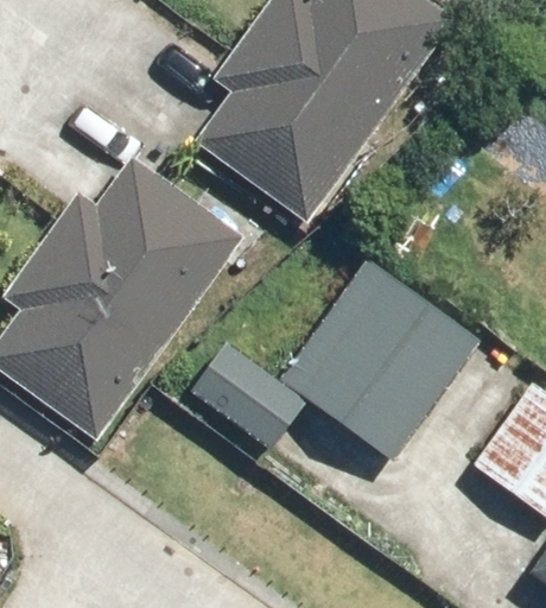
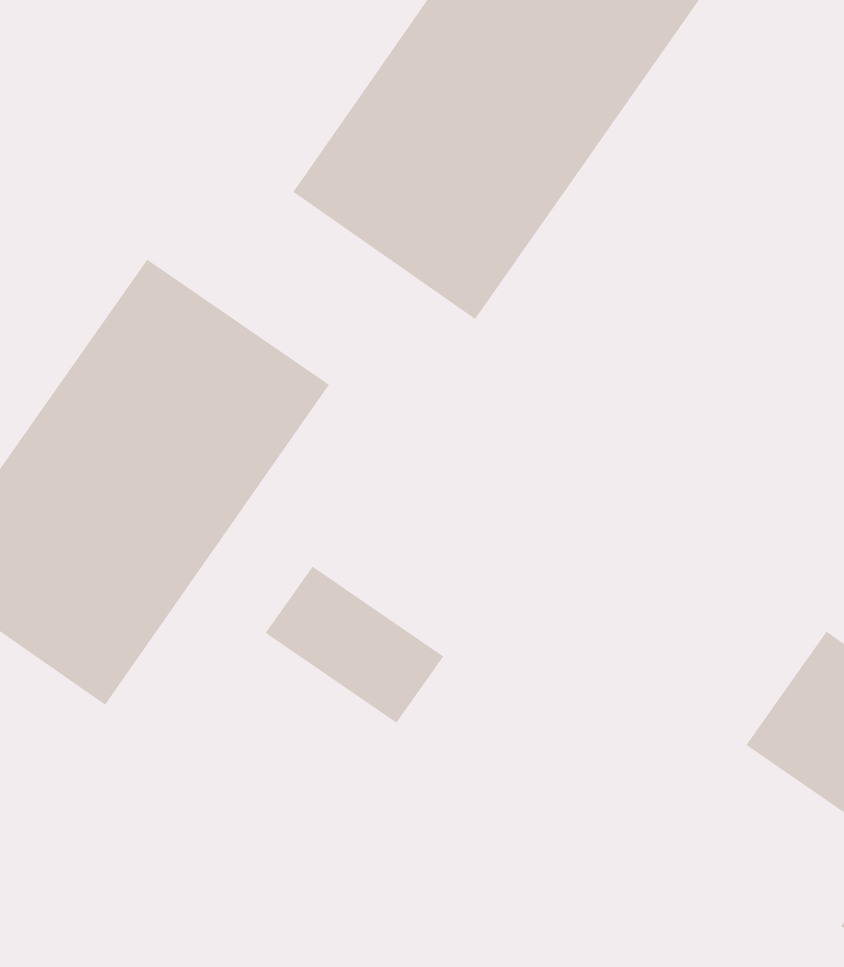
building: [290,258,483,456] -> none

